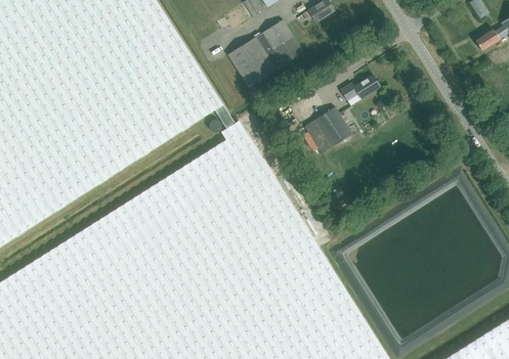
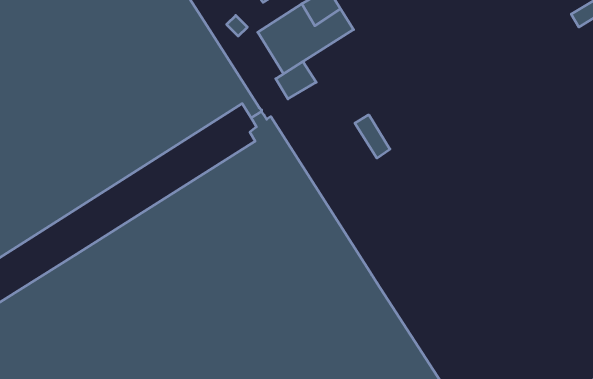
building: [340,76,380,101] -> none
building: none -> [276,62,316,99]
building: [315,108,352,147] -> none

